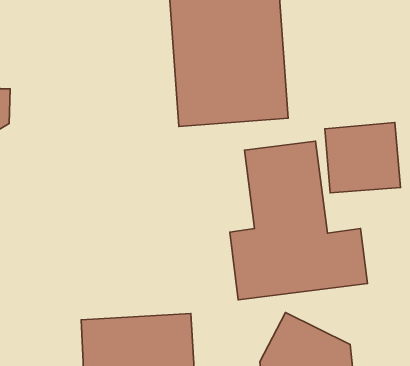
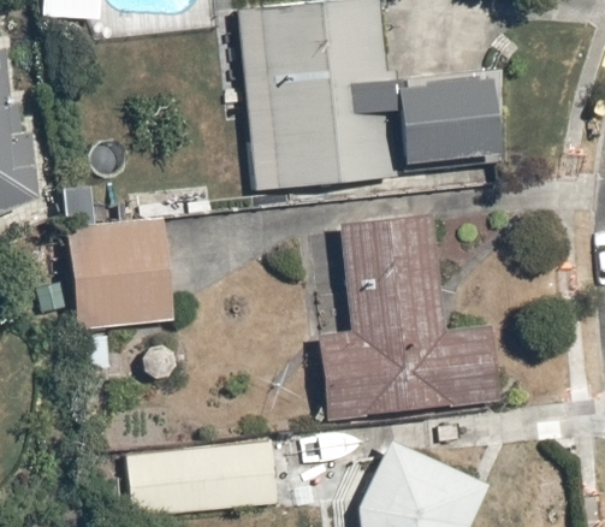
building: [325,123,400,193] -> [397,71,497,164]
building: none -> [67,223,173,327]

